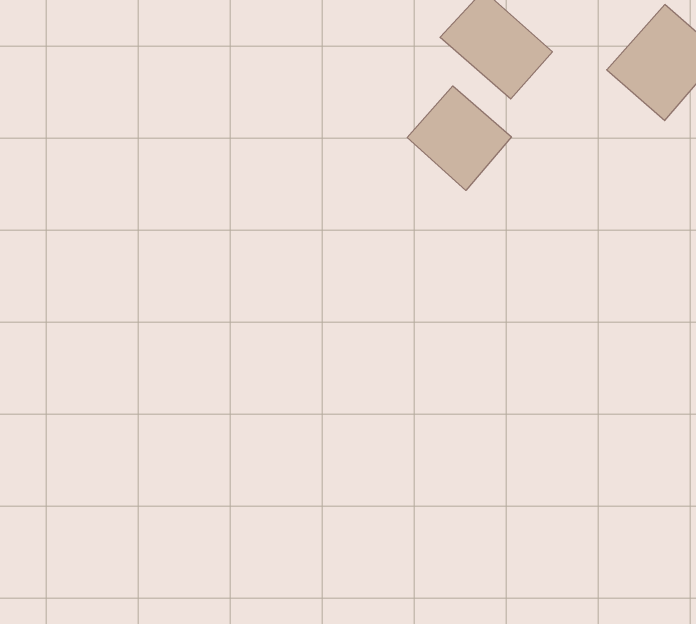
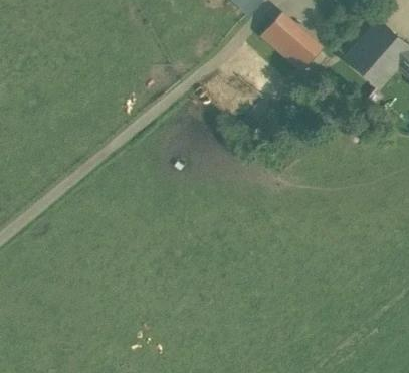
building: [407,86,511,190] -> none

